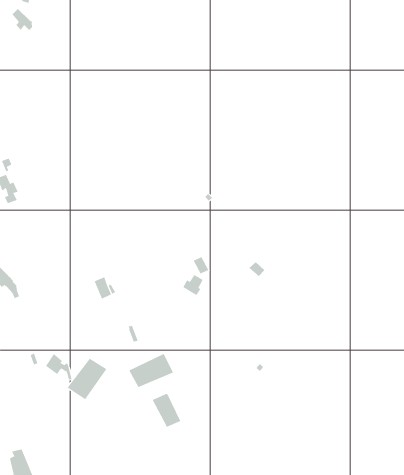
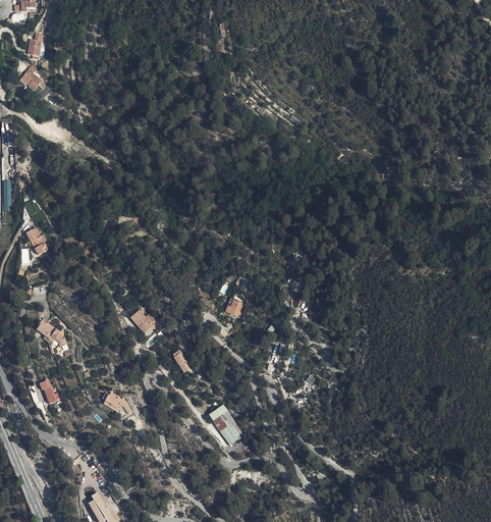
building: [129,353,174,388] -> none
building: [67,358,107,400] -> none

